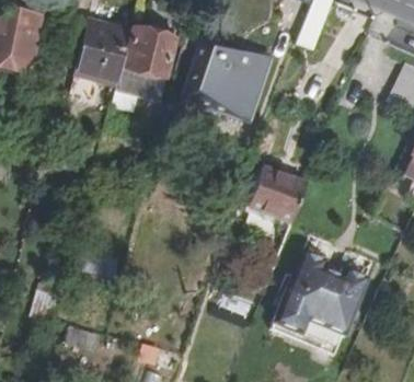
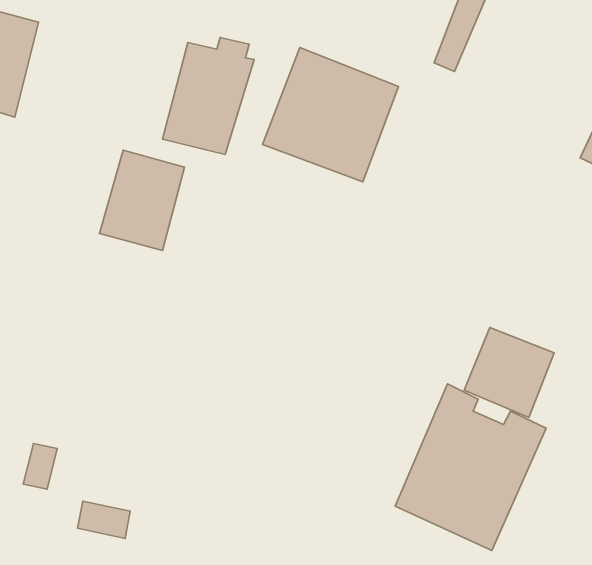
building: [77,20,131,84] -> [100,150,184,251]
building: [250,164,308,222] -> [464,327,554,417]

